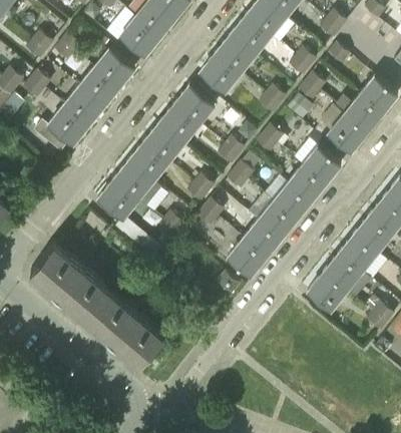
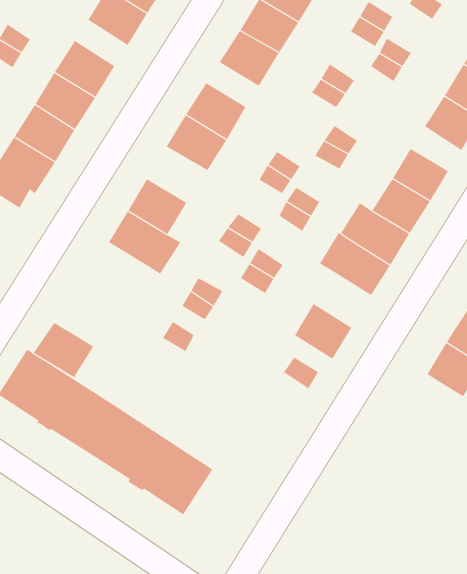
building: [144,124,184,162] -> none
building: [98,181,138,220] -> [33,322,94,378]
building: [242,220,280,257] -> none

